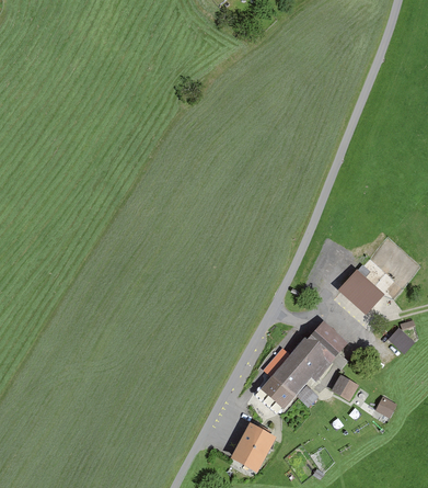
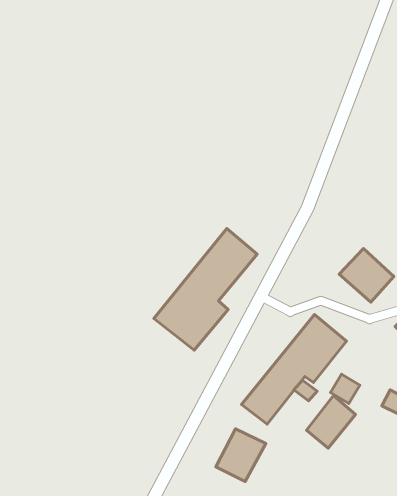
building: none -> [154,228,257,350]
building: none -> [306,395,355,448]

